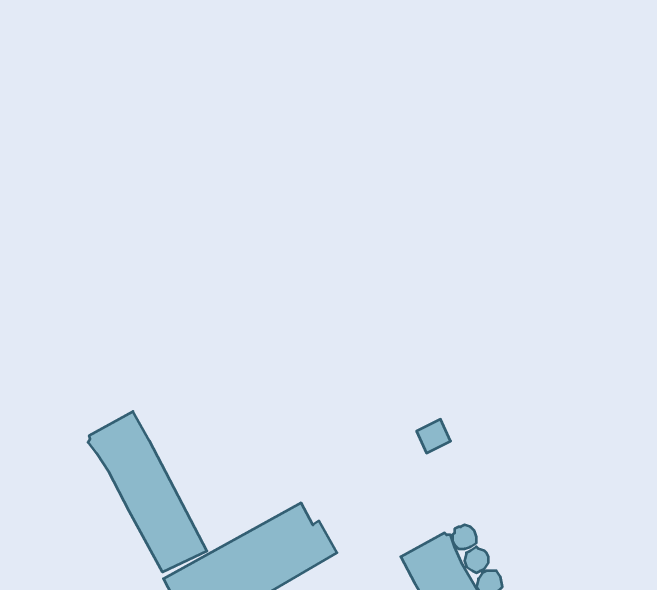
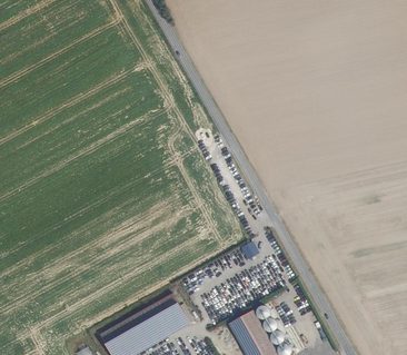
building: [88,411,207,572] -> none

